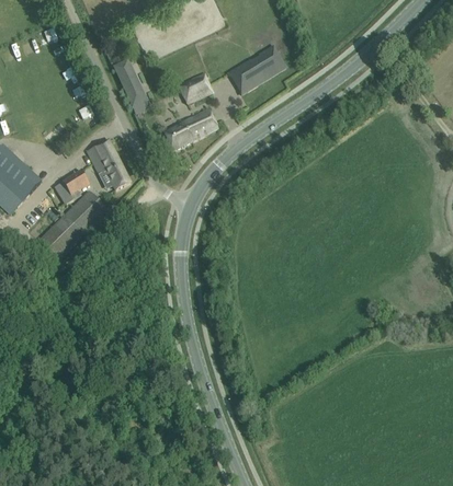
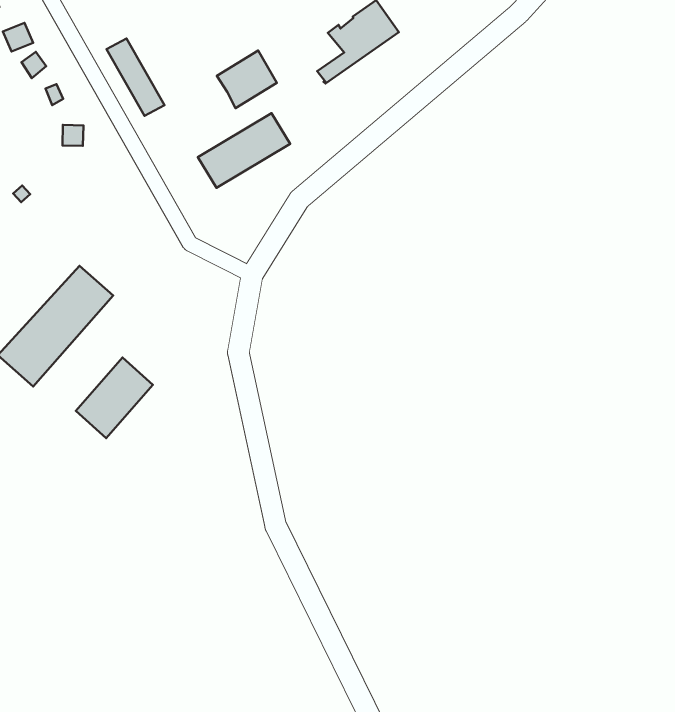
building: [87,139,129,189] -> none
building: [53,170,89,205] -> none
building: none -> [76,358,153,438]

